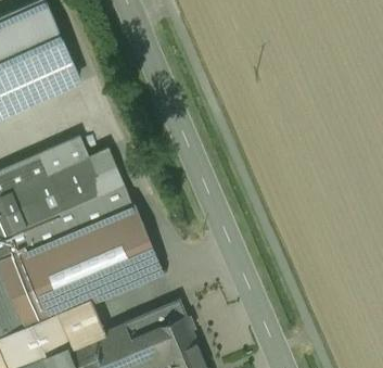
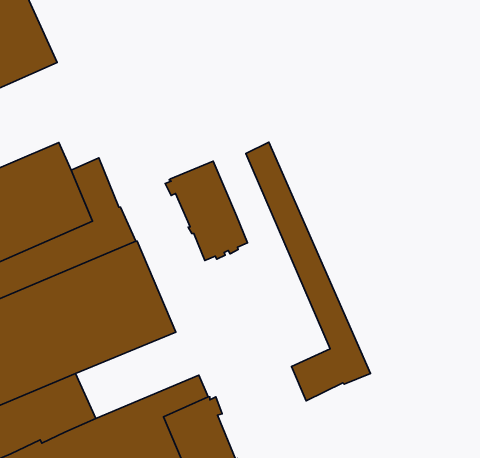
building: none -> [246,142,371,401]
building: none -> [165,161,248,260]

